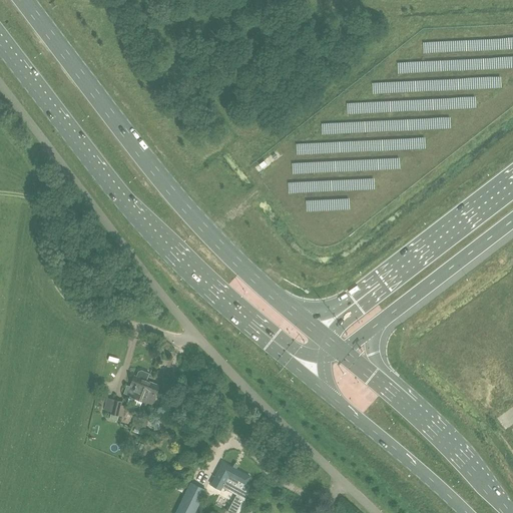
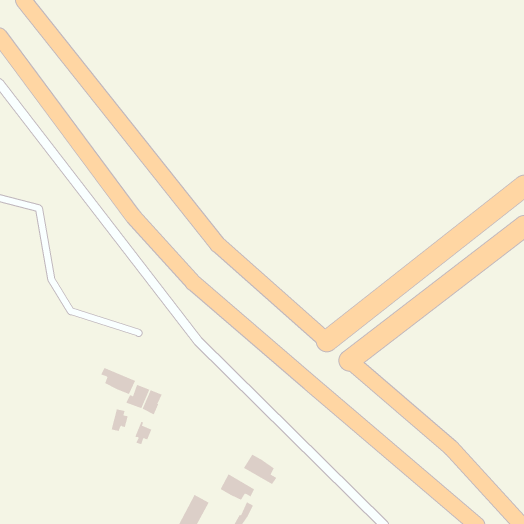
building: none -> [100,367,136,395]
building: none -> [243,454,277,485]

